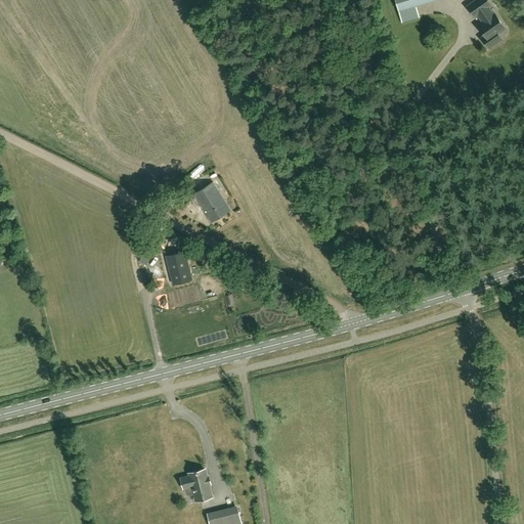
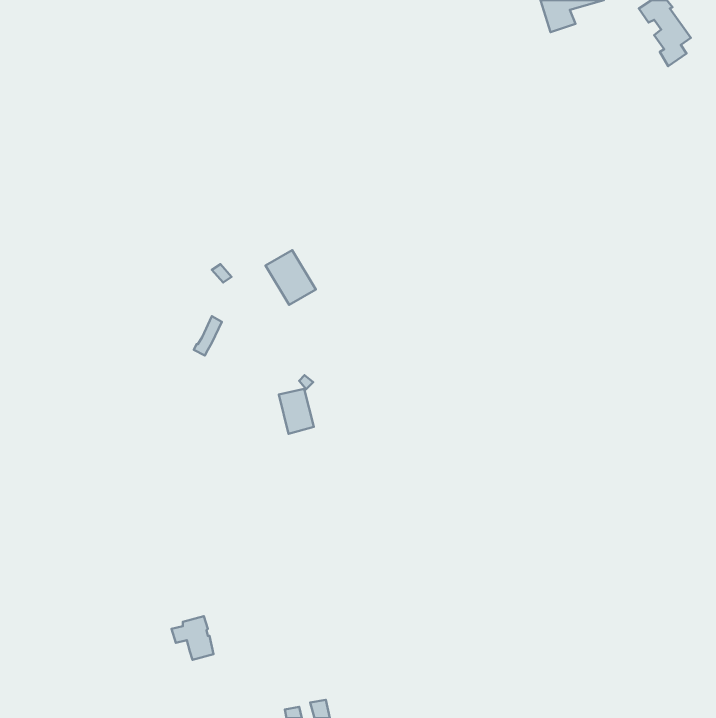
building: [166,252,191,285] -> [279,389,314,434]
building: [180,469,211,500] -> [171,616,214,660]

